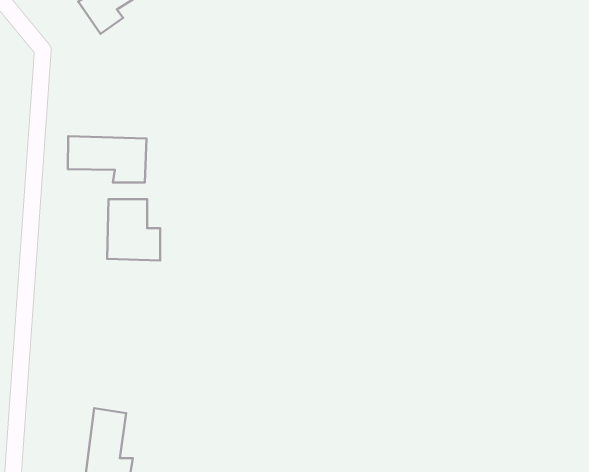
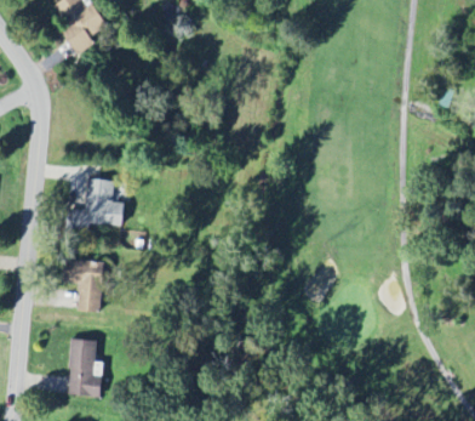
building: [68,136,147,183] -> none
building: none -> [75,261,102,311]

